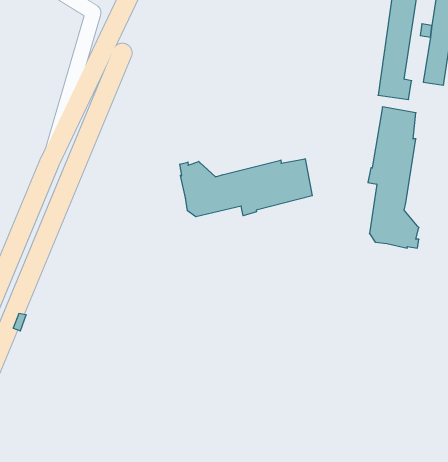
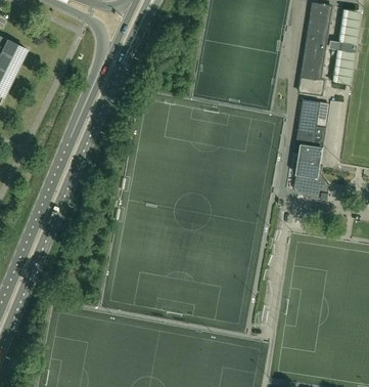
building: [180,159,312,217] -> none

